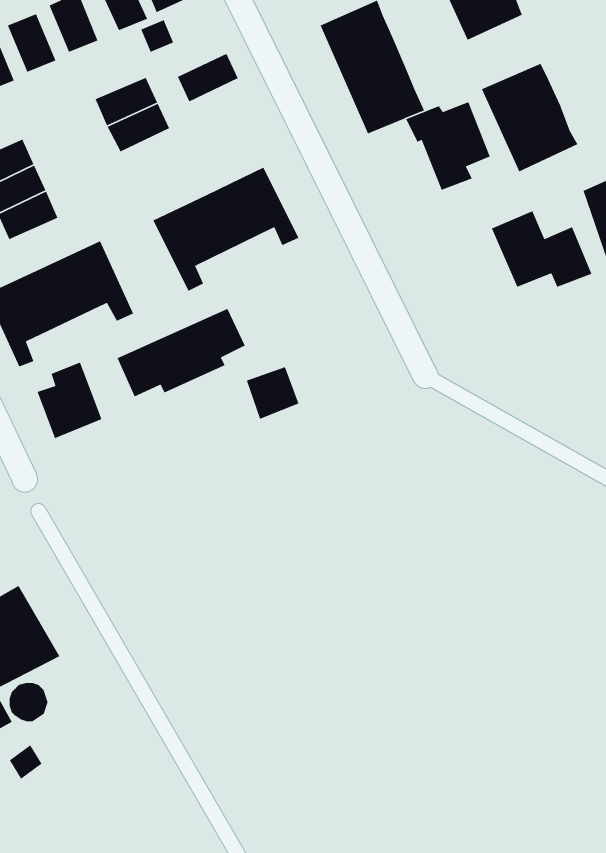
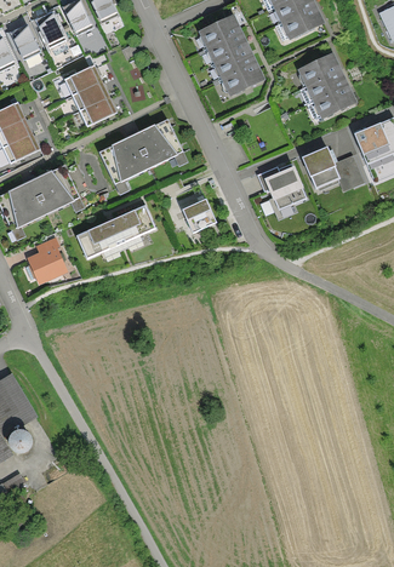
building: [177,53,239,103] -> [78,94,115,125]
building: [405,101,491,191] -> [257,165,309,219]
building: [246,366,299,420] -> [182,199,215,231]

